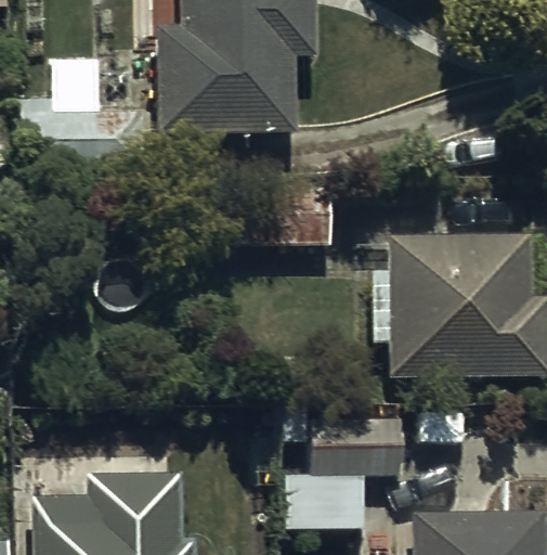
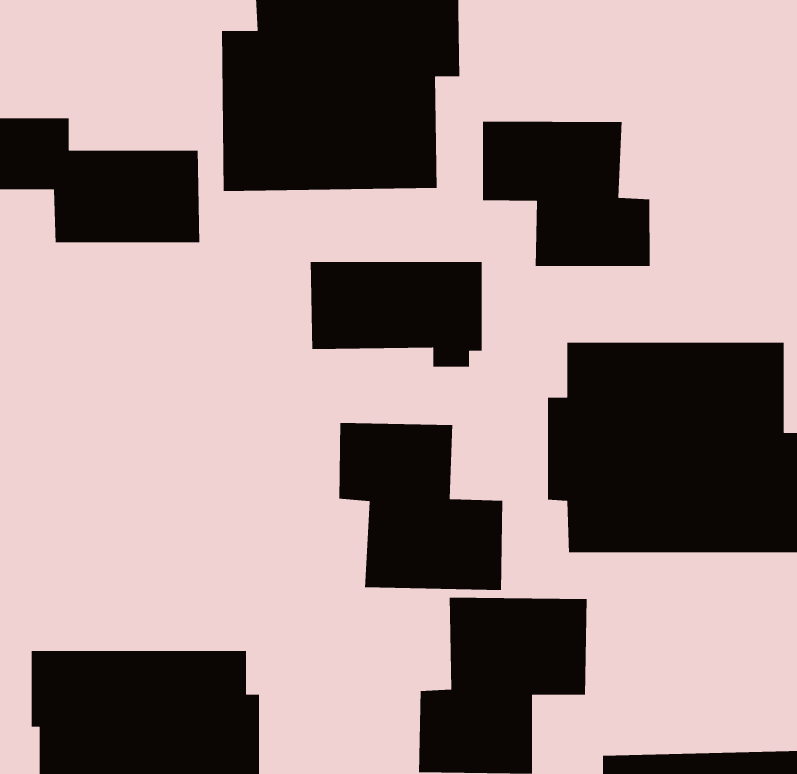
building: none -> [482,121,651,267]
building: none -> [338,422,503,591]

